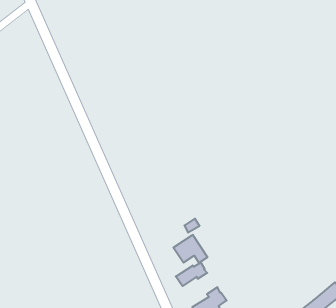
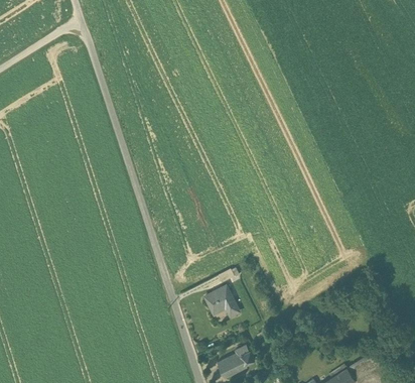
building: [176,263,207,286] -> none

